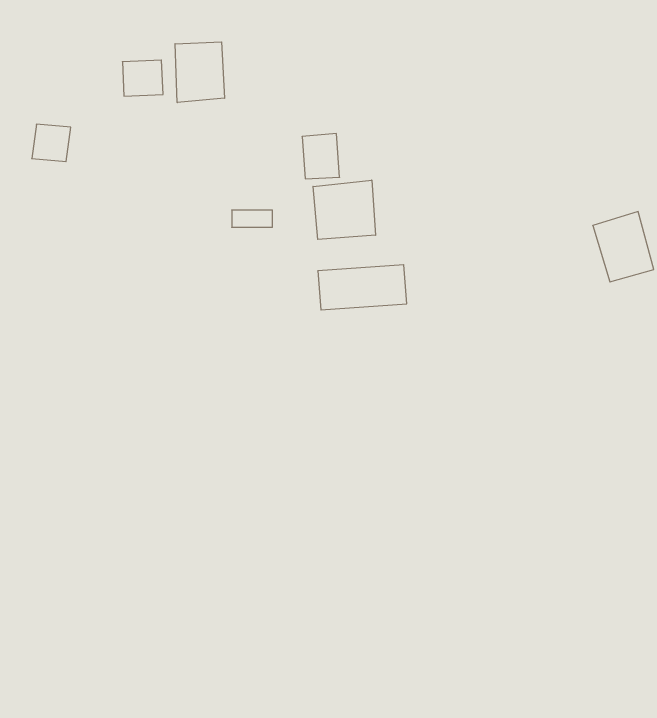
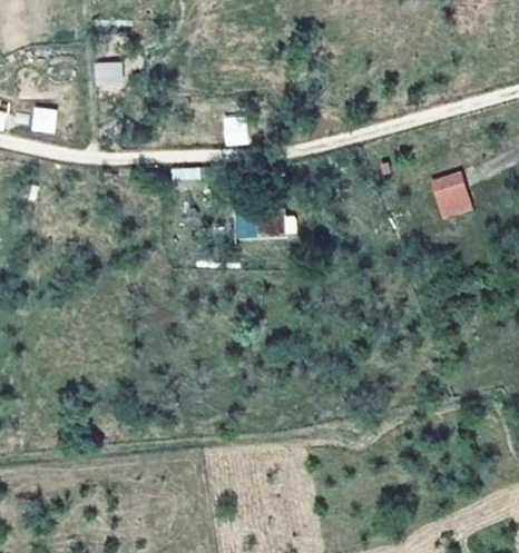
building: [175,42,225,103] -> none
building: [313,180,376,239] -> none

